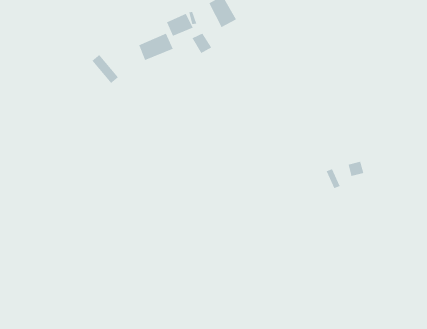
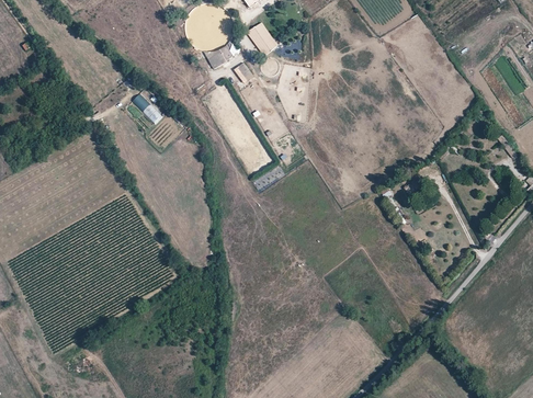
building: [138,33,173,61] -> none

